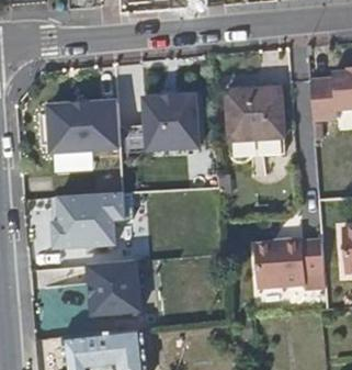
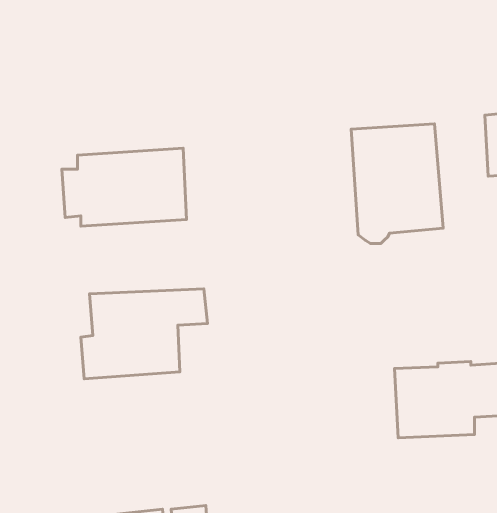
building: [144,90,201,152] -> none
building: [87,265,141,317] -> none

